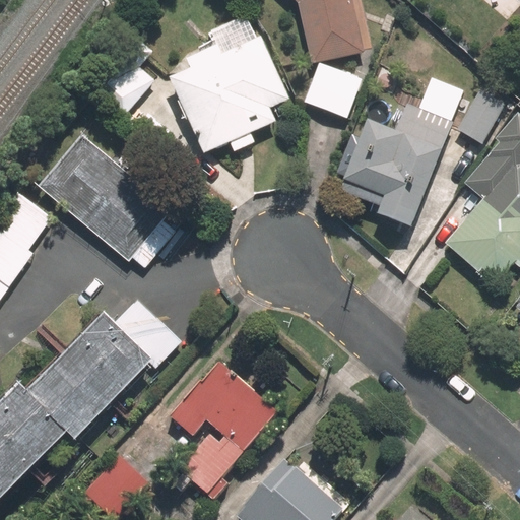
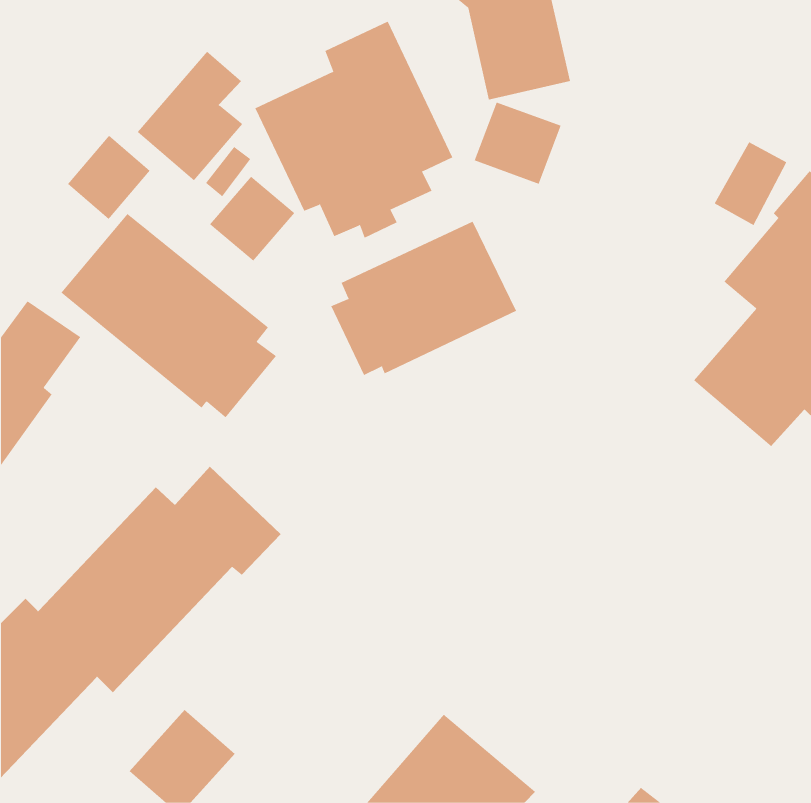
building: none -> [67,135,151,220]
building: [338,101,458,231] -> none
building: none -> [209,176,295,261]
building: none -> [330,221,517,376]
building: [169,361,278,501] -> none

